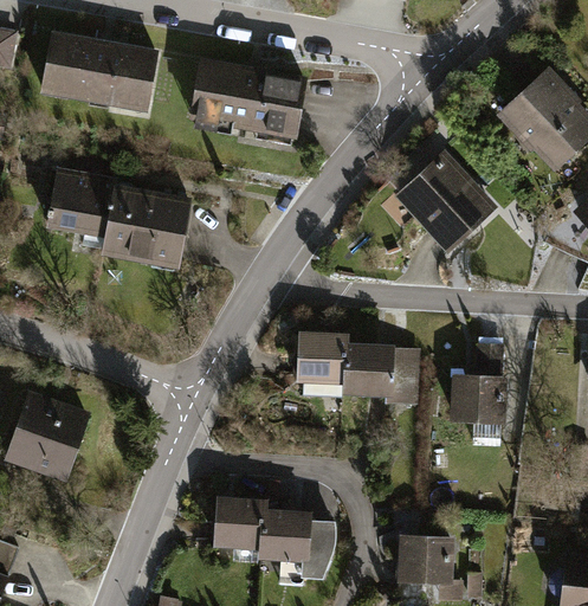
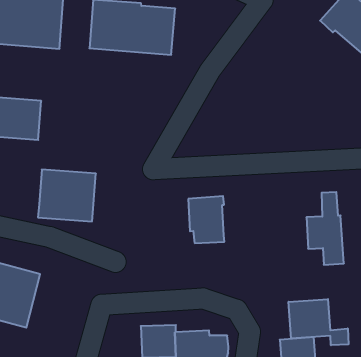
building: [399,156,484,249] -> none
building: [103,188,187,265] -> [38,170,96,221]
building: [342,348,415,402] -> none
building: none -> [289,299,348,345]

